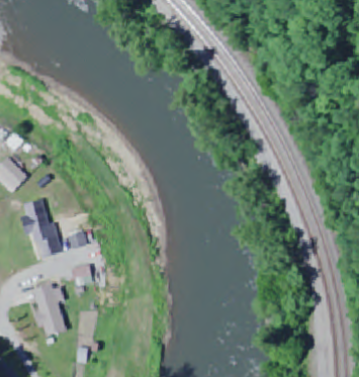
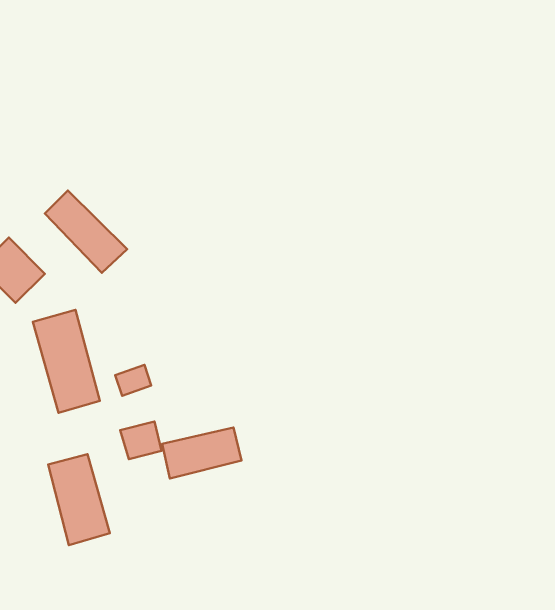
building: none -> [45,190,127,273]
building: none -> [162,427,242,479]

